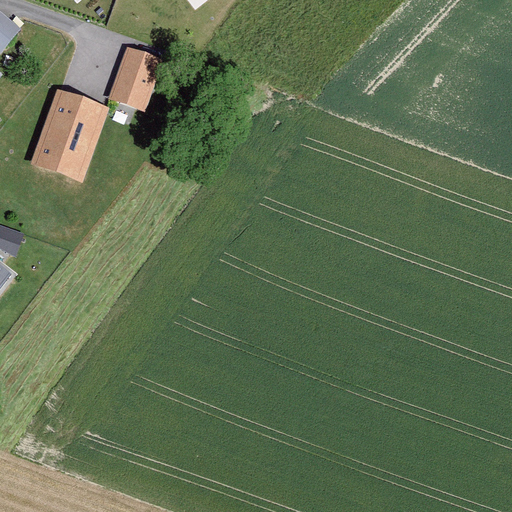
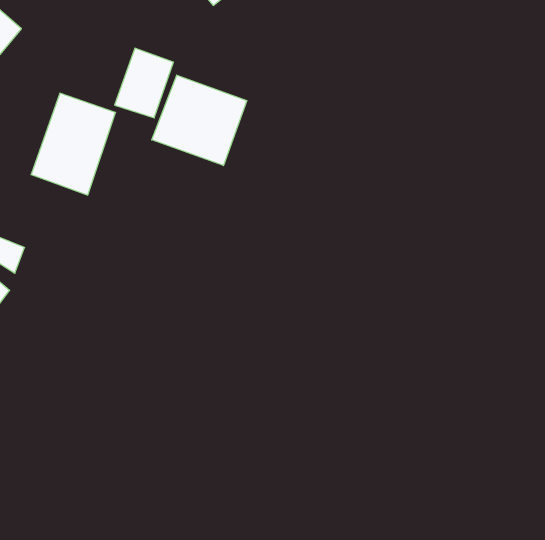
building: none -> [152,75,247,166]

